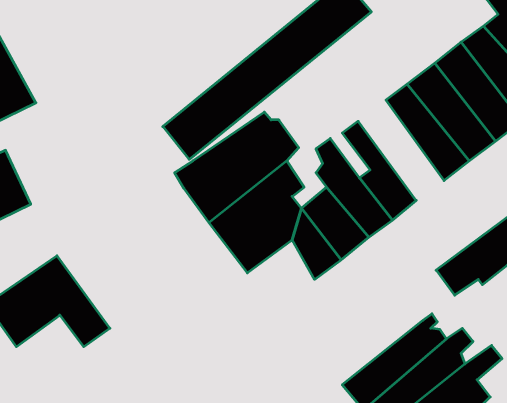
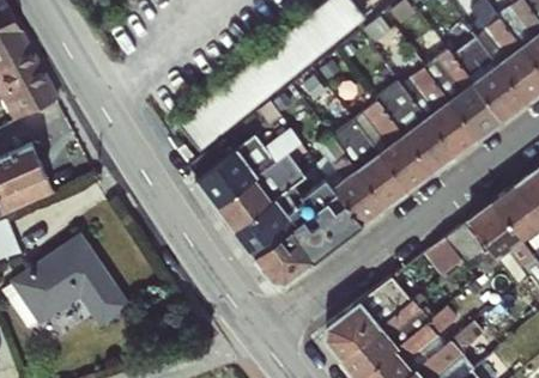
building: none -> [353,98,431,189]
building: none -> [253,225,314,284]
building: none -> [325,275,412,356]

